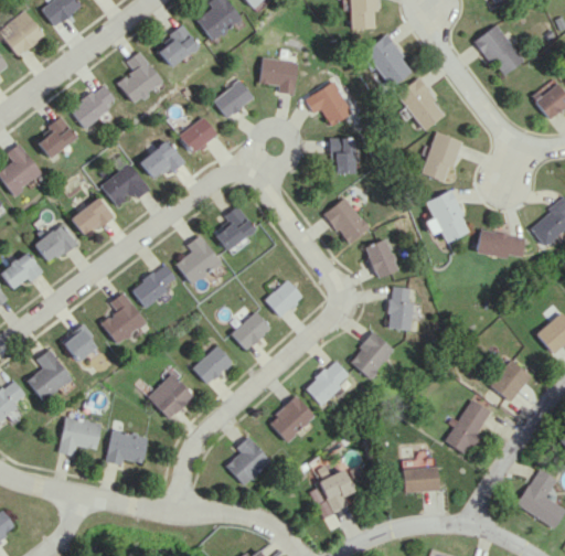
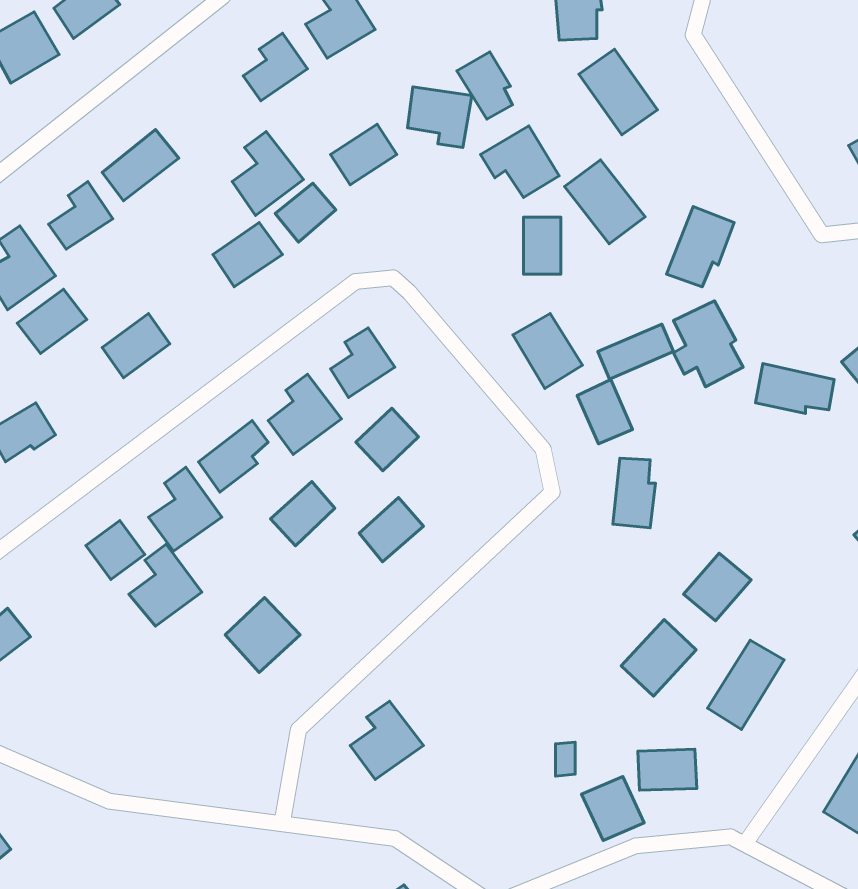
building: [477,24,525,76] -> none
building: none -> [457,52,513,119]
building: [119,52,163,104] -> [232,131,304,215]
building: [397,78,447,130] -> [565,160,645,244]
building: [102,163,150,205] -> none
building: none -> [598,324,674,379]
building: [35,224,78,264] -> [17,289,87,353]
building: [264,279,302,318] -> [356,408,418,471]
building: [349,332,395,379] -> [621,619,696,696]
building: [192,345,232,385] -> [271,481,335,546]
building: [26,350,72,400] -> [129,544,202,626]
building: [305,360,349,406] -> none
building: [490,360,532,402] -> [683,553,751,621]
building: [268,396,315,442] -> none
building: [60,417,102,456] -> none
building: [106,429,148,466] -> none
building: [318,470,356,510] -> [582,776,644,841]

